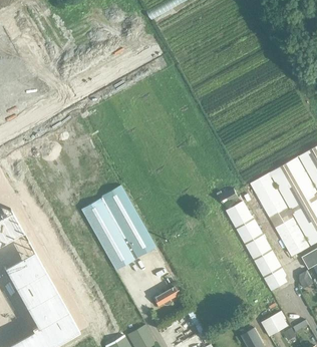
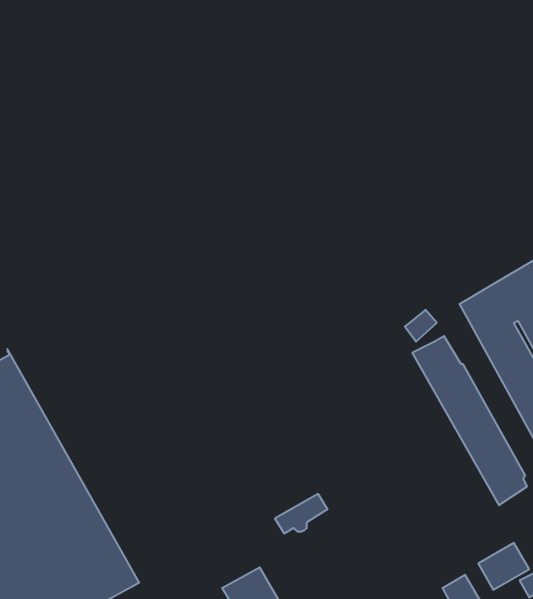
building: [81,185,156,271] -> none

